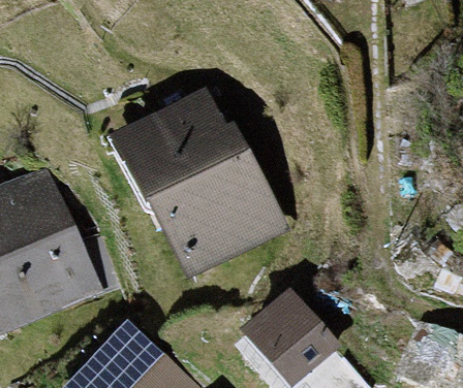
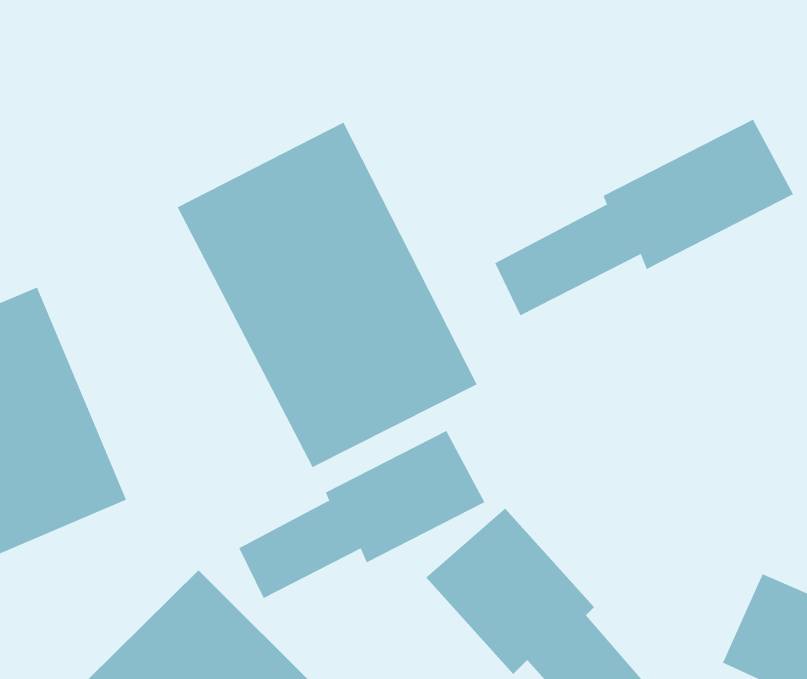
building: none -> [494,119,794,316]
building: none -> [239,430,485,599]

